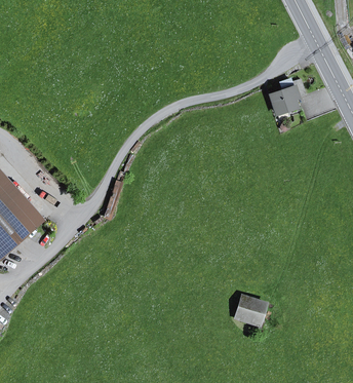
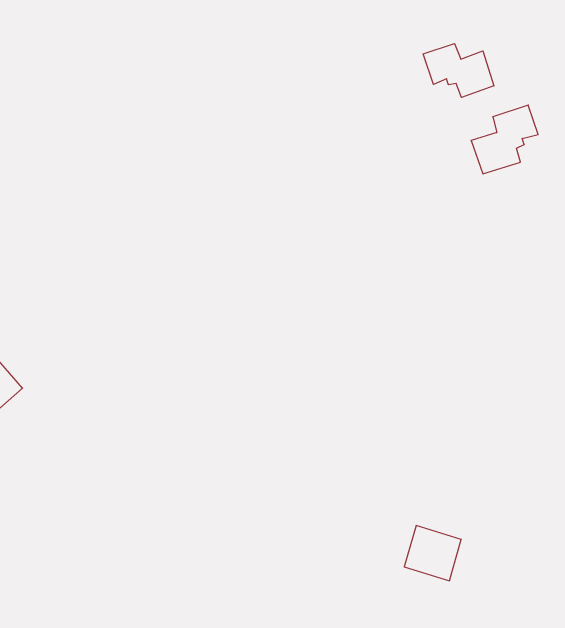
building: none -> [423,44,494,97]

